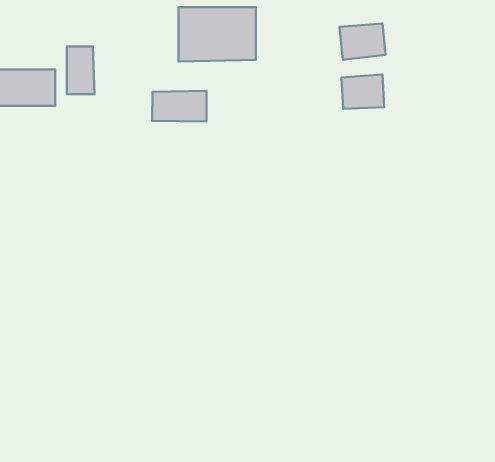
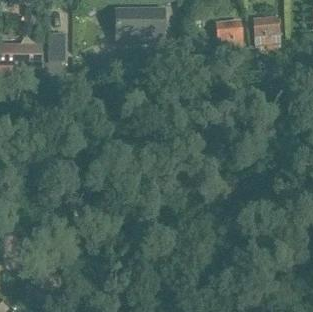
building: [342,74,384,109] -> [253,15,279,36]
building: [152,91,207,122] -> none

